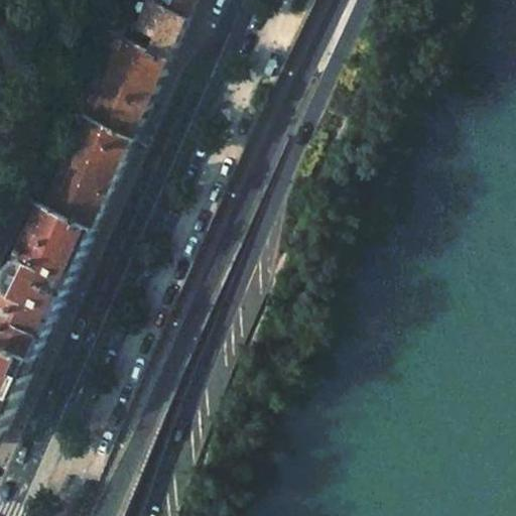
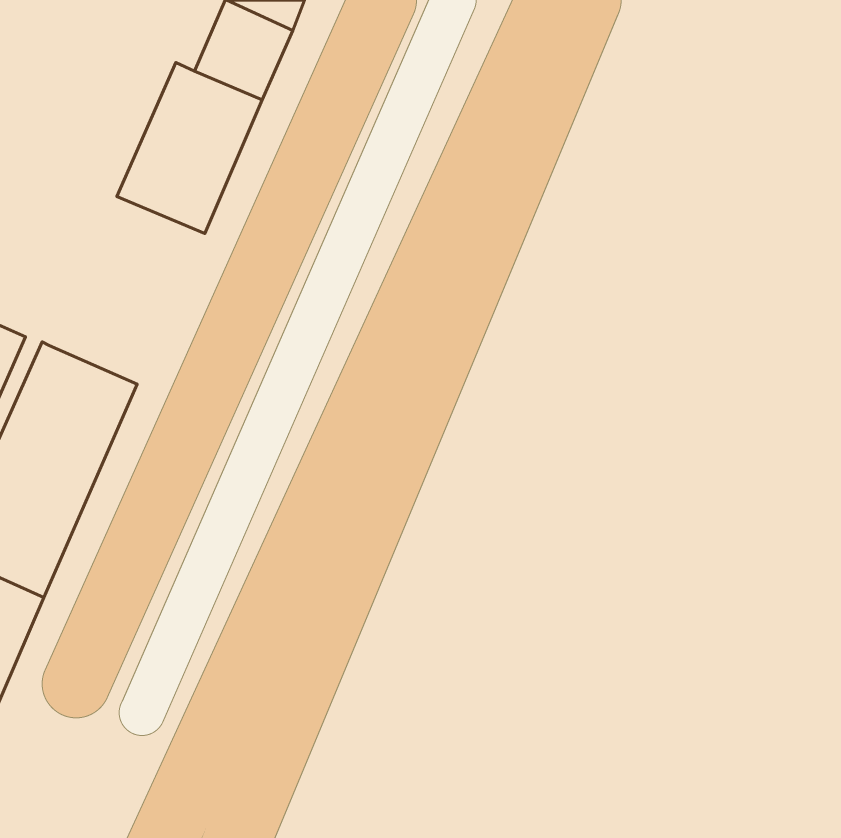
building: [29,133,122,245] -> none

